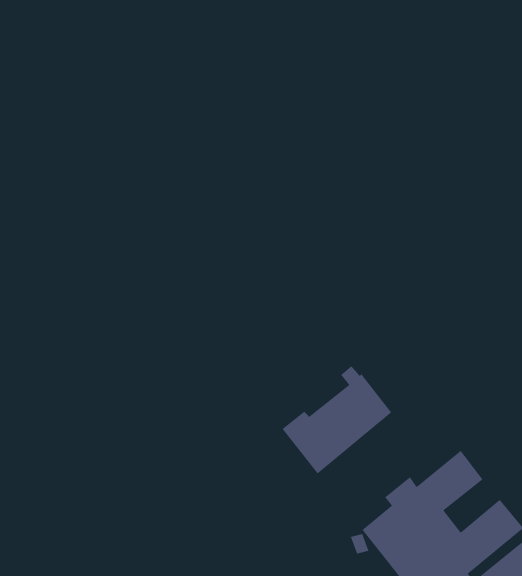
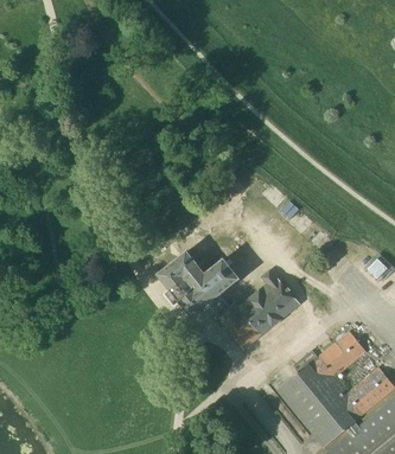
building: none -> [158,252,237,316]

